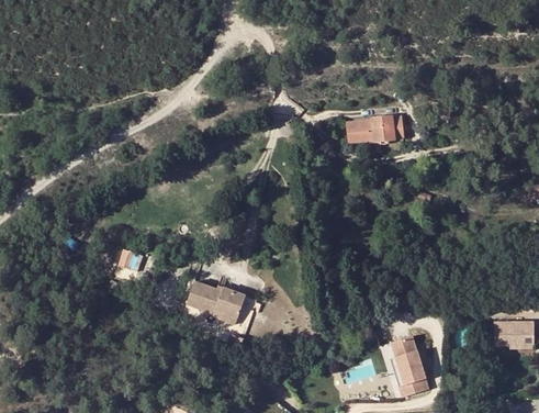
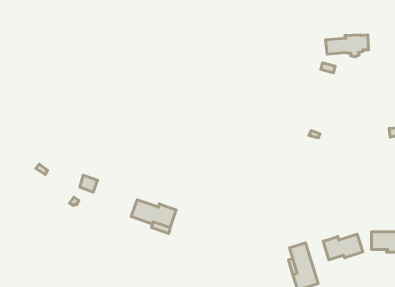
building: [346,116,402,145] -> [325,35,369,57]
building: none -> [323,234,363,260]

